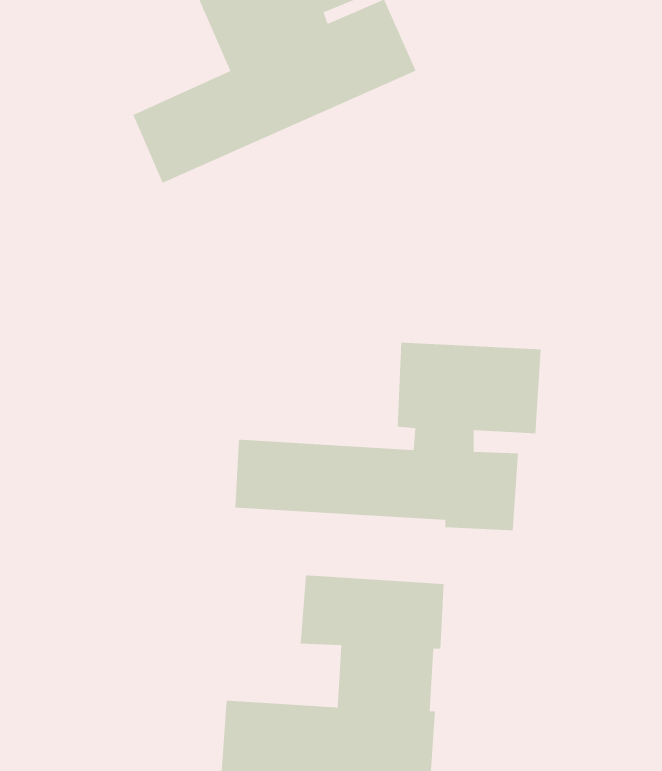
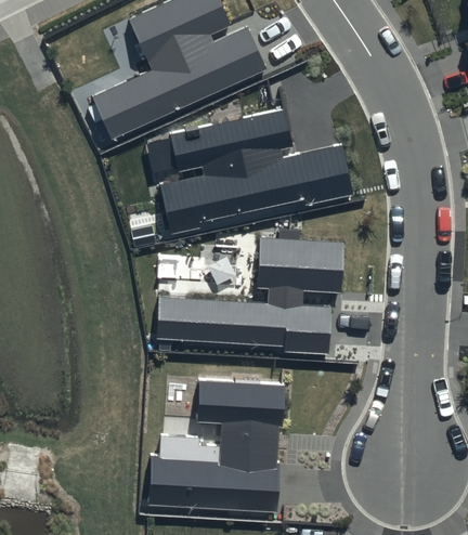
building: none -> [160,108,354,234]

